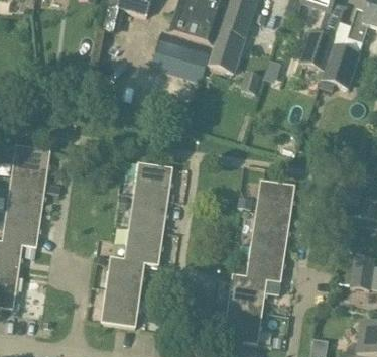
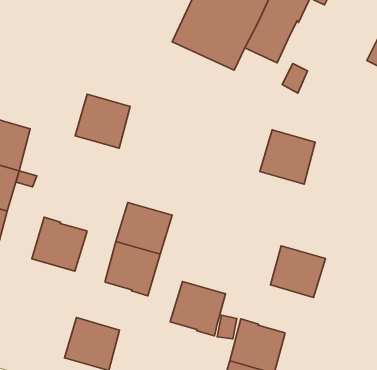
building: [133,161,172,200] -> [75,94,130,148]
building: [255,178,294,217] -> [260,130,315,184]
building: [246,243,285,281] -> [170,282,225,336]
building: [106,255,145,293] -> [32,217,87,271]

